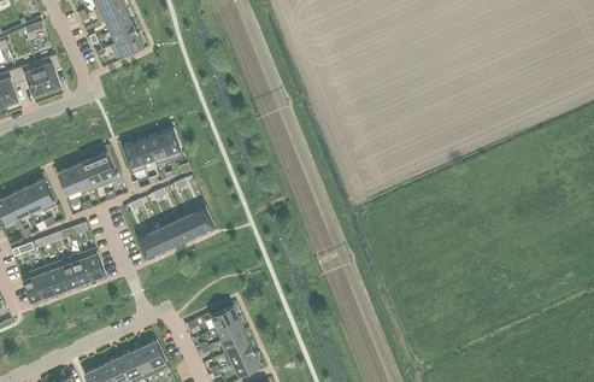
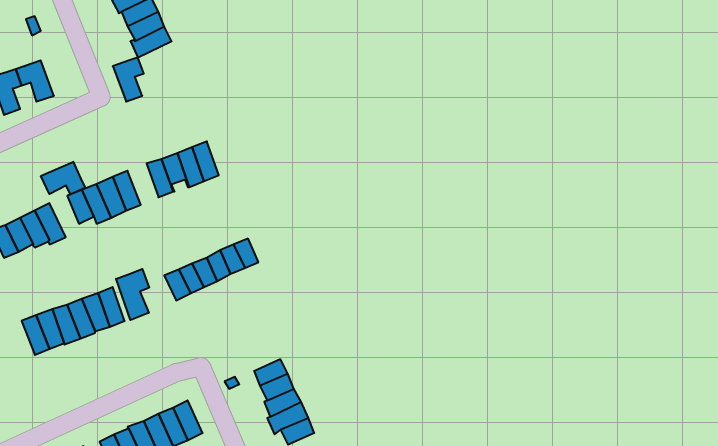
building: [36,54,61,90] -> [113,57,144,102]
building: none -> [41,162,85,195]
building: none -> [116,269,149,320]

